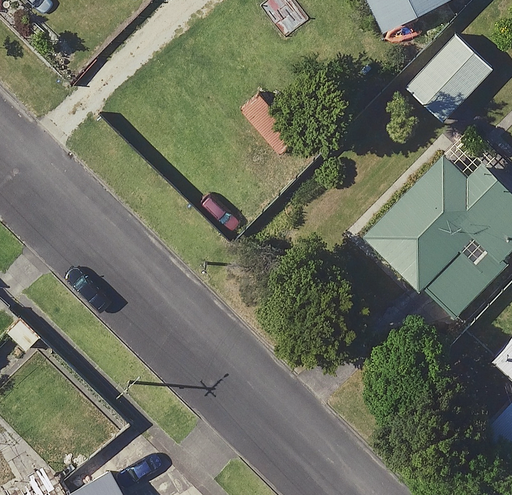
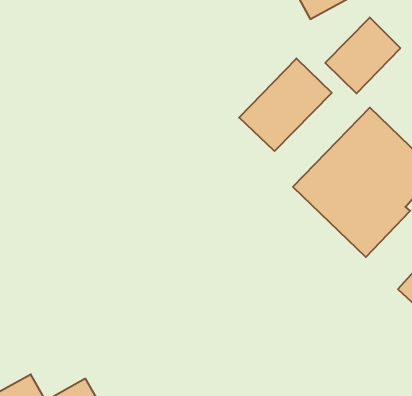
building: none -> [239,58,332,151]

